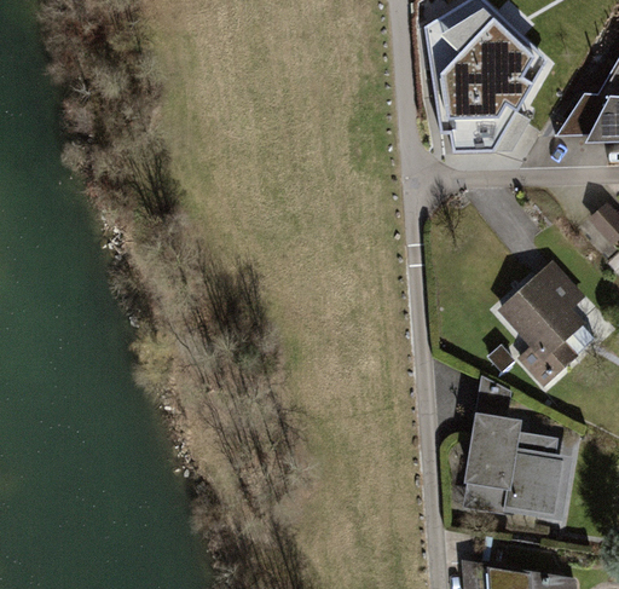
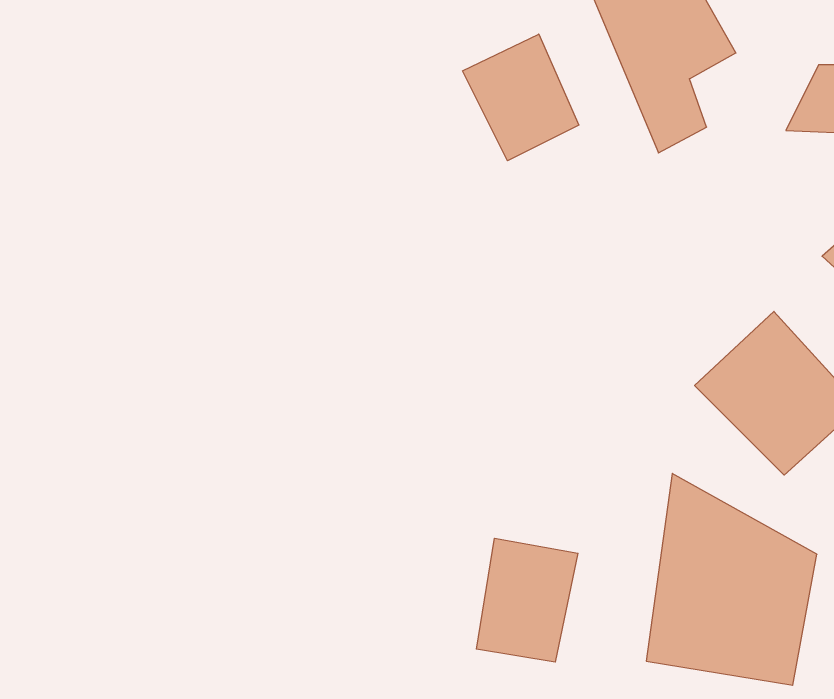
building: none -> [463,34,579,161]
building: none -> [476,538,578,662]

